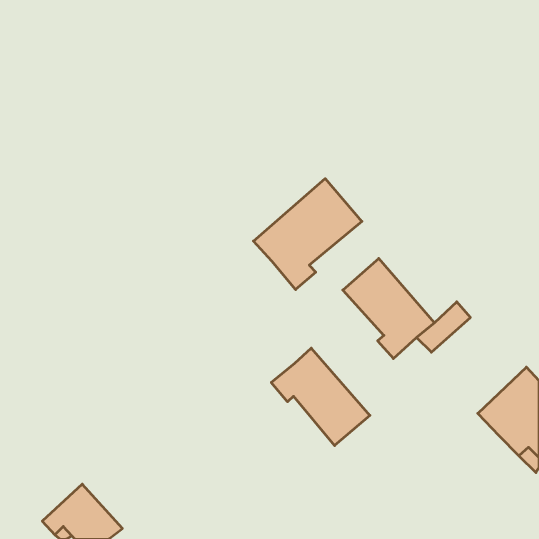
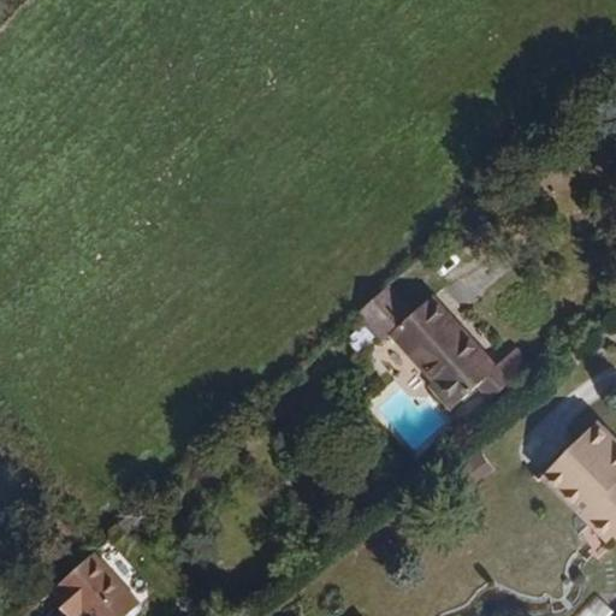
building: [253,179,362,290] -> none
building: [271,348,370,446] -> none

